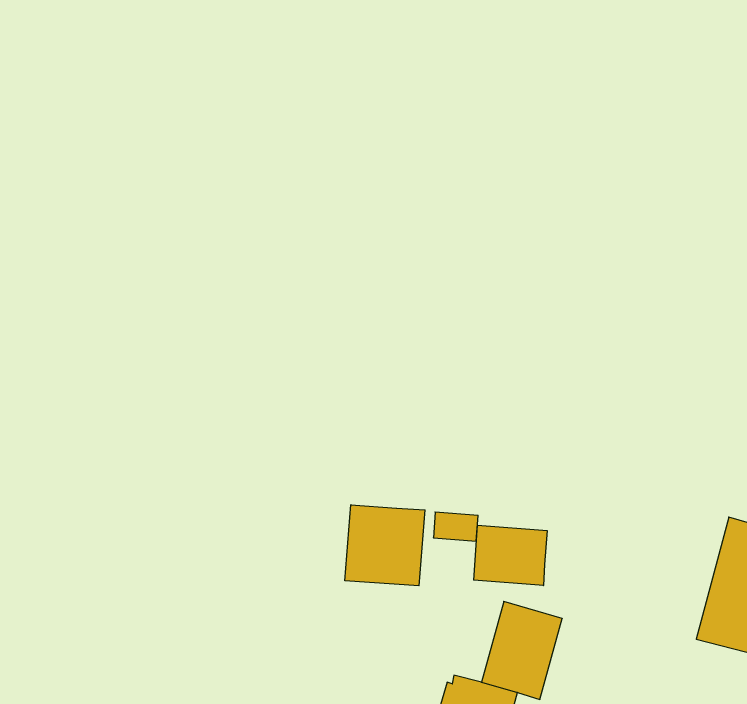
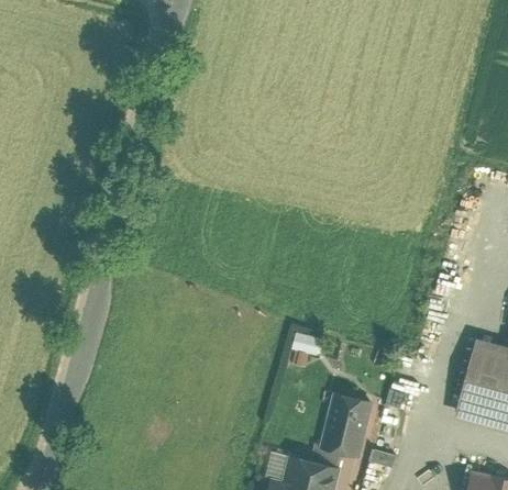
building: [345,505,425,586] -> none
building: [474,525,547,586] -> none

